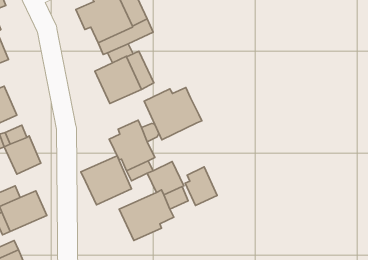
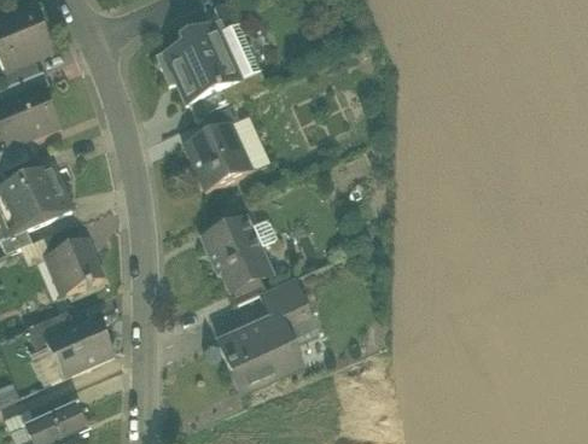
building: [144,88,202,140] -> none
building: [81,156,131,205] -> none
building: [185,167,217,206] -> none

